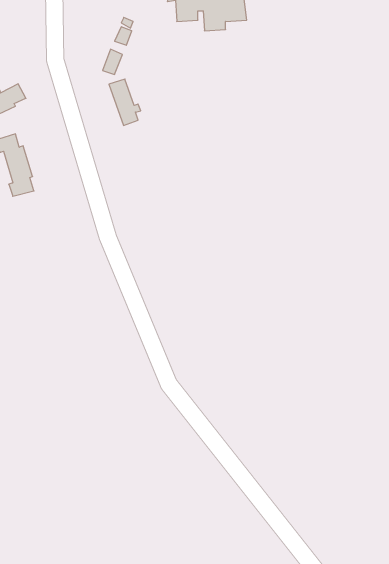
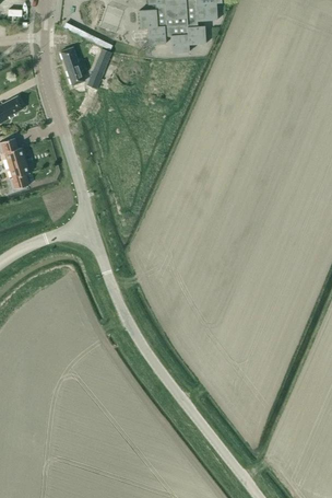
building: [109,79,141,125] -> [60,46,86,84]

